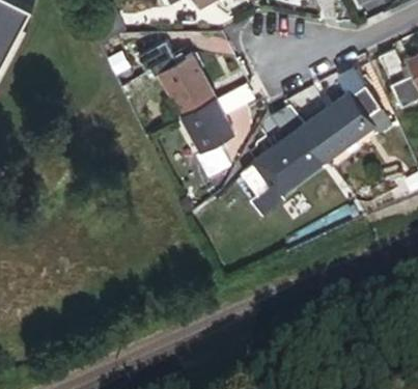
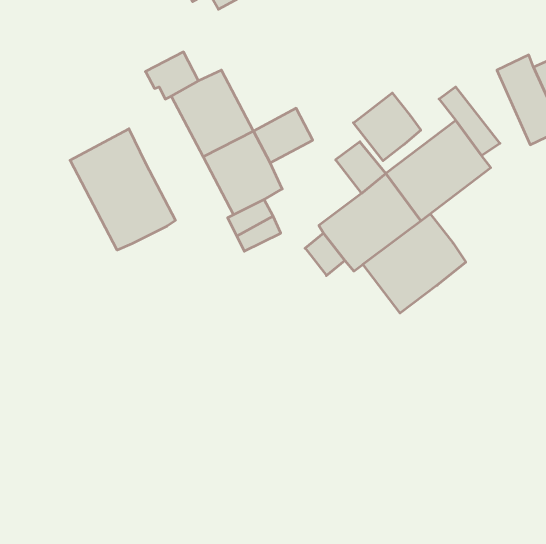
building: none -> [353,93,421,161]
building: none -> [70,129,175,250]
building: none -> [363,214,466,313]

